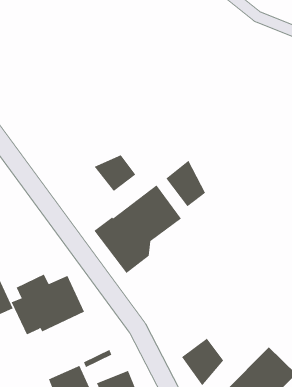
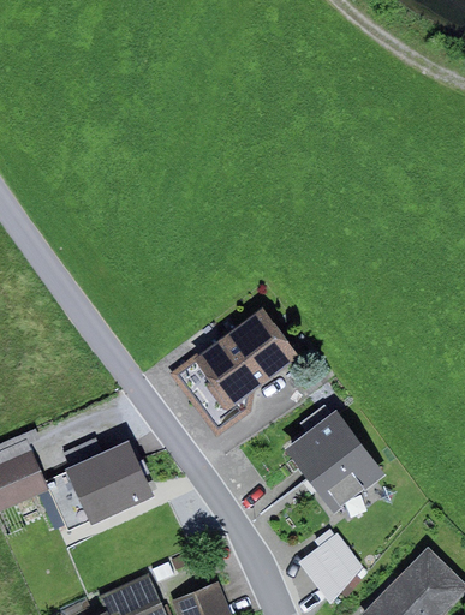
building: [94,155,136,192] -> none
building: [165,160,206,207] -> none
building: none -> [284,410,386,514]

